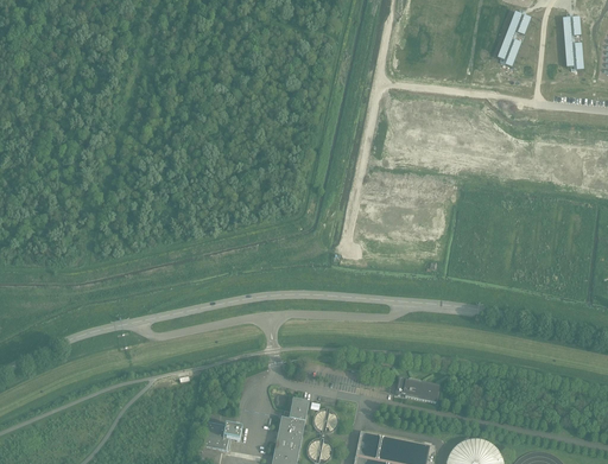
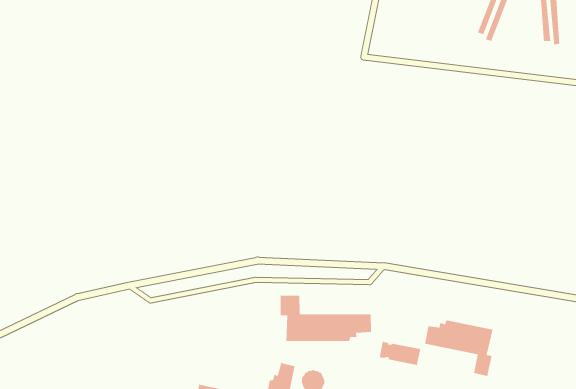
building: none -> [280,295,372,342]
building: none -> [424,319,493,377]

